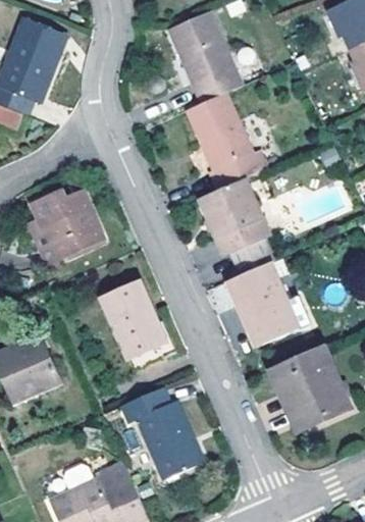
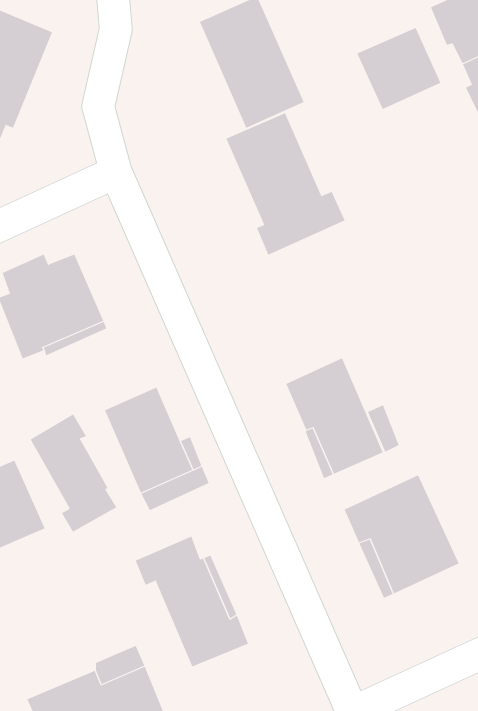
building: none -> [356,27,441,110]
building: [200,179,273,273] -> none
building: none -> [30,413,117,533]

